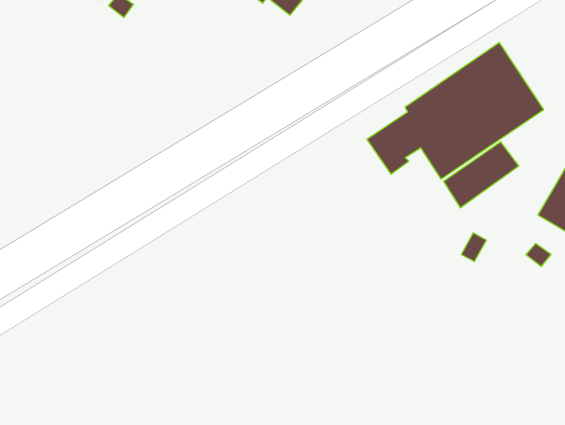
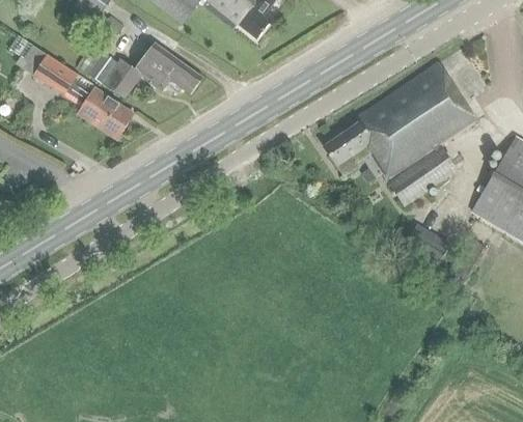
building: none -> [78,41,201,97]
building: none -> [23,47,133,139]

